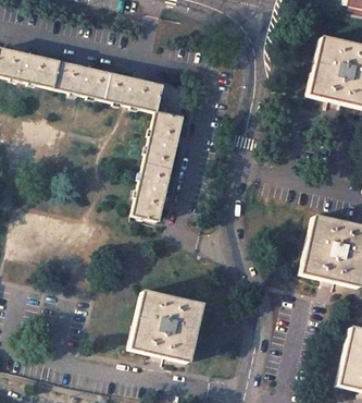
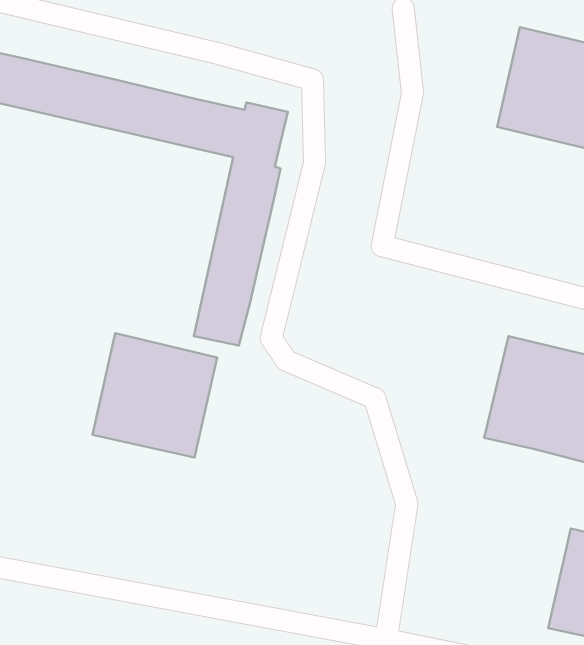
building: [130,291,202,363] -> [93,333,217,457]

